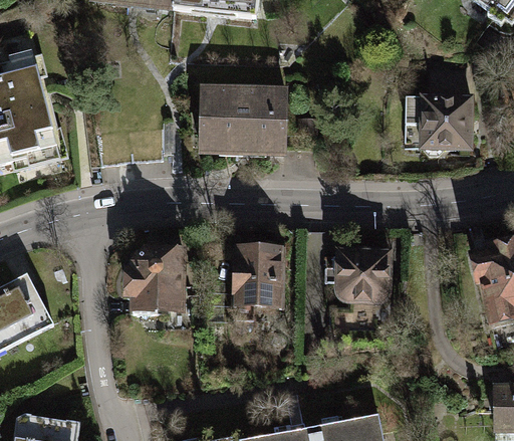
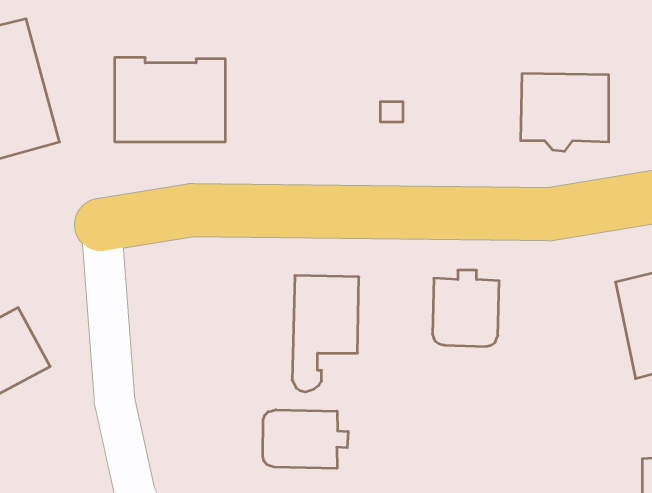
building: [202,87,285,151] -> [115,58,225,142]
building: [126,247,183,313] -> none
building: none -> [263,410,348,468]

